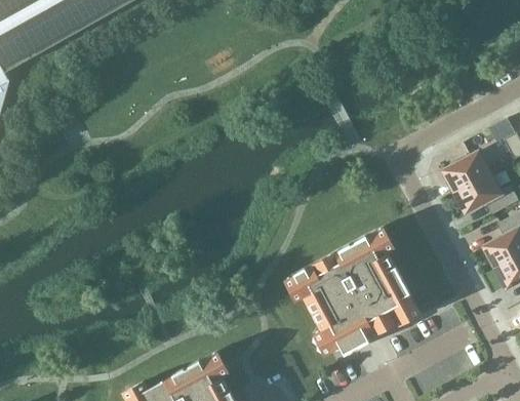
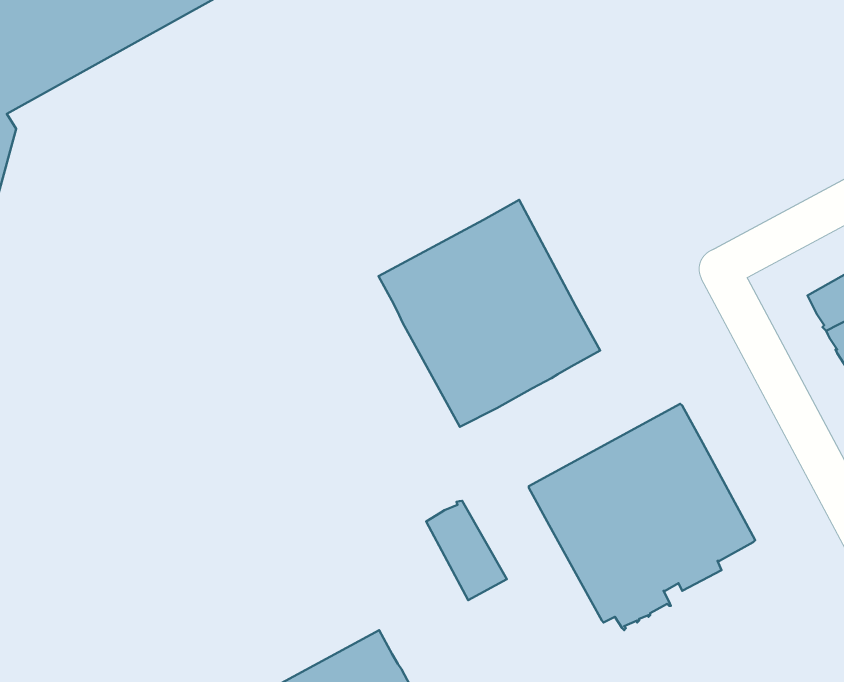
building: none -> [379,200,600,427]
building: none -> [426,501,507,600]

